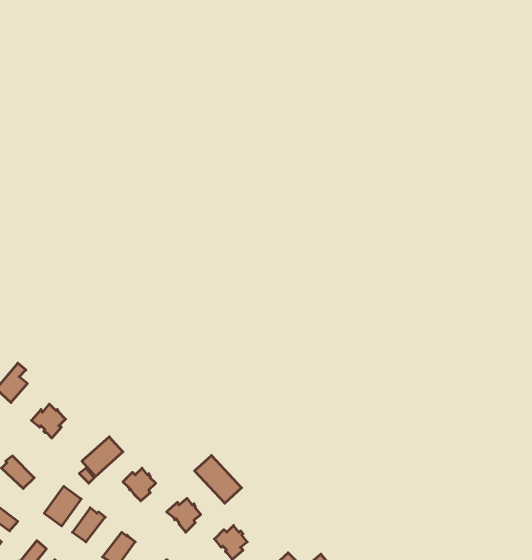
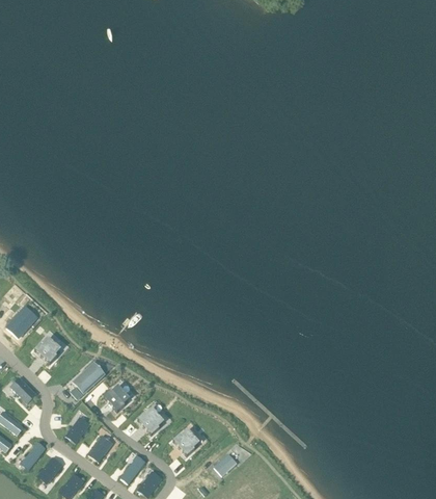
building: [195,455,242,503] -> none
building: [44,486,81,526] -> none

